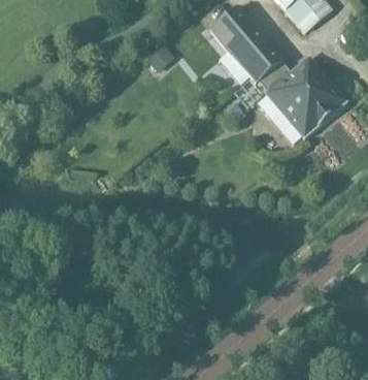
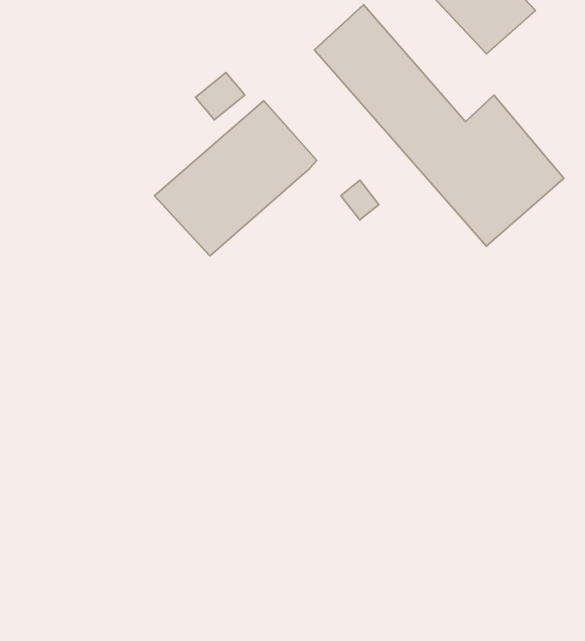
building: none -> [155,101,317,256]

